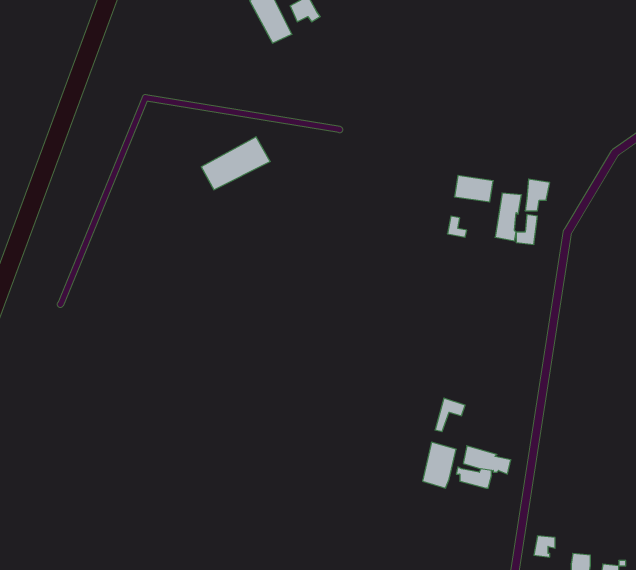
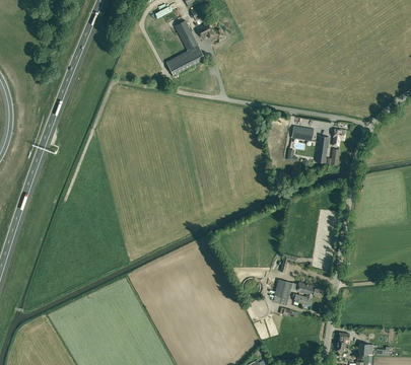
building: [201,137,270,190] -> [165,45,205,75]

